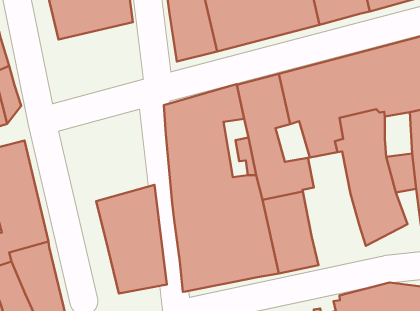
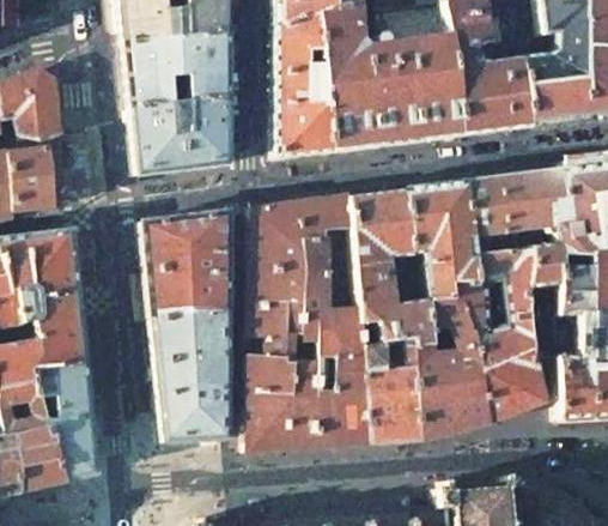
building: none -> [133,99,230,175]
building: none -> [144,212,230,320]
building: none -> [528,260,565,313]
building: none -> [417,298,487,439]

